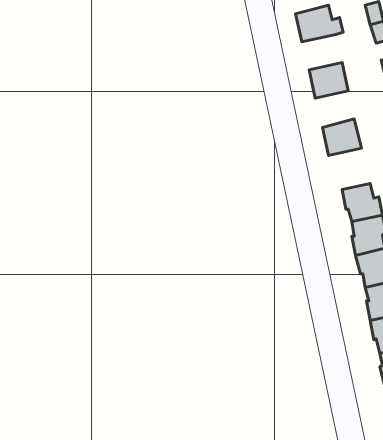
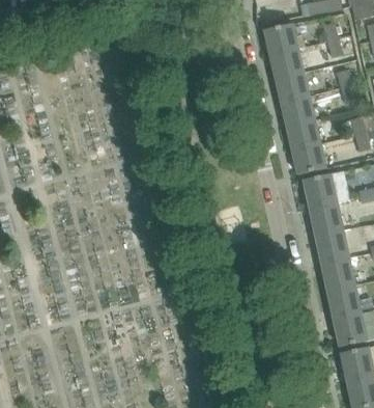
building: none -> [269,49,304,79]
building: none -> [281,97,314,128]
building: none -> [292,145,325,175]

